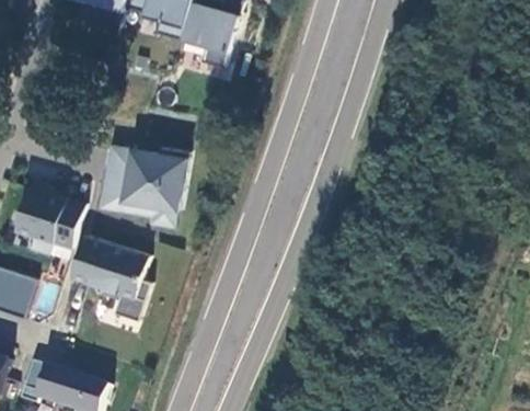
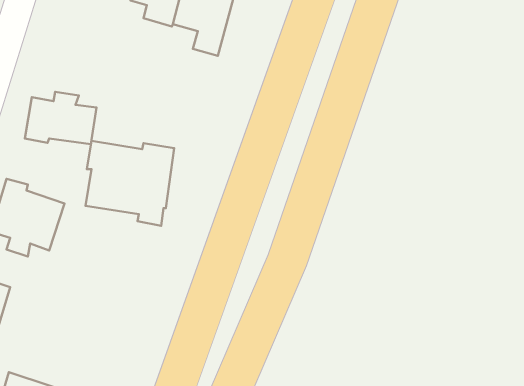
building: none -> [25,92,97,144]
building: [70,232,149,318] -> none

